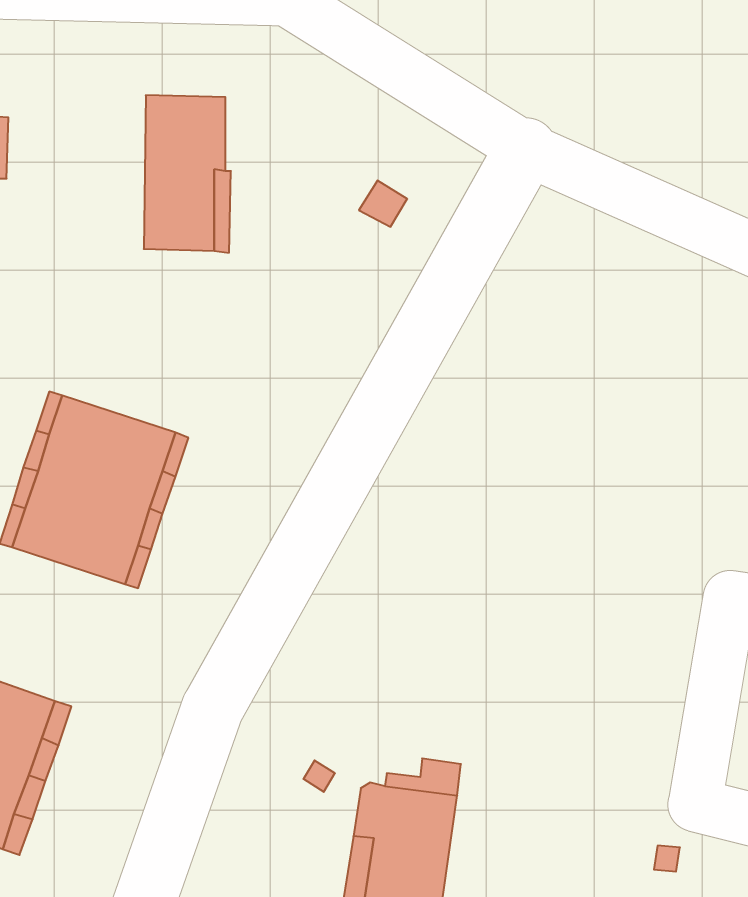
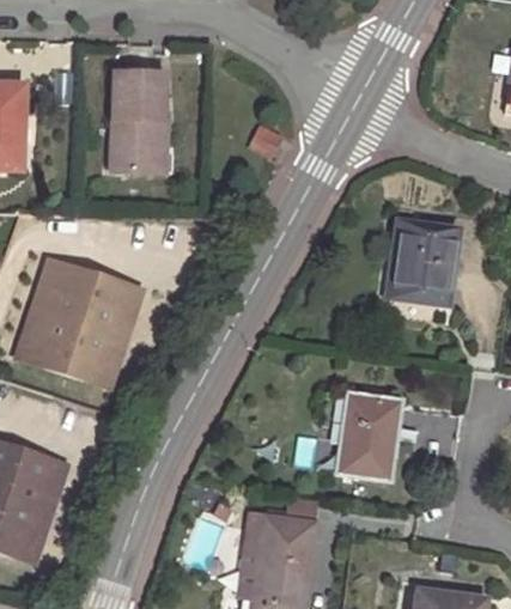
building: none -> [388,220,457,303]
building: none -> [337,395,397,477]

